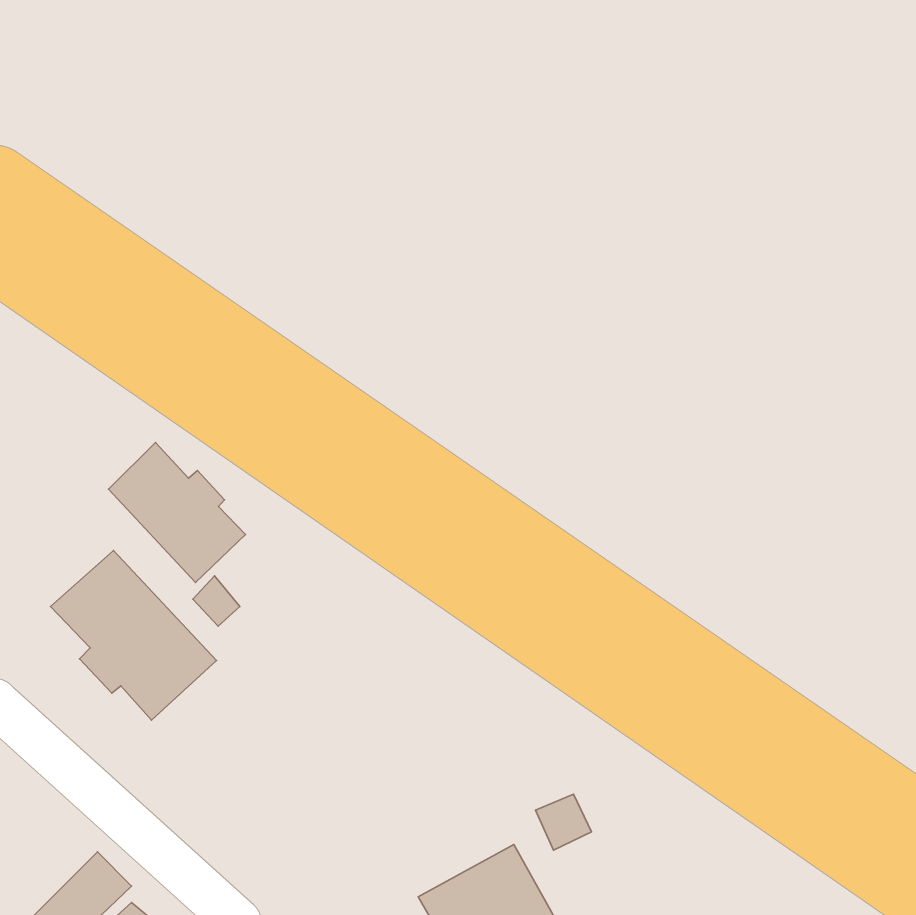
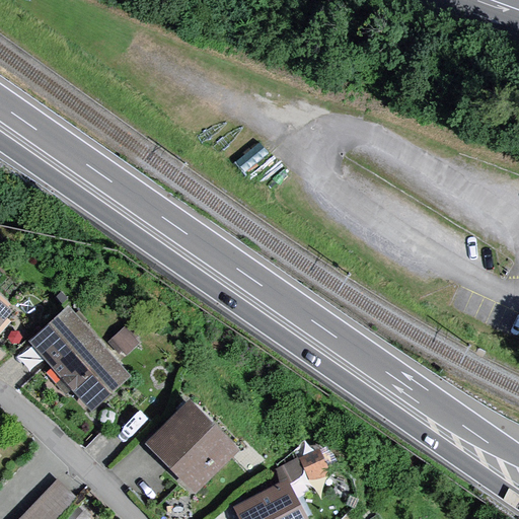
building: [108,442,246,582] -> none
building: none -> [146,394,241,492]

